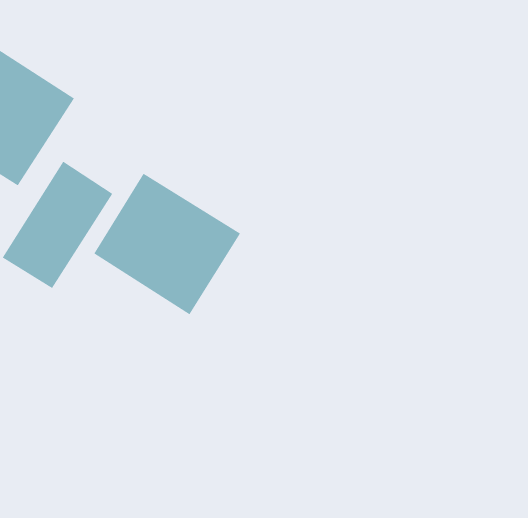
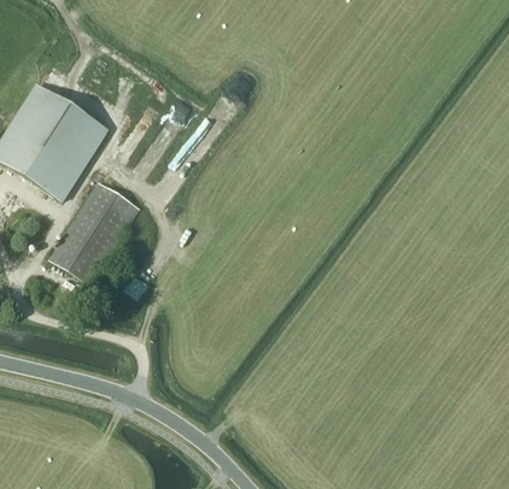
building: [93,173,241,315] -> none

